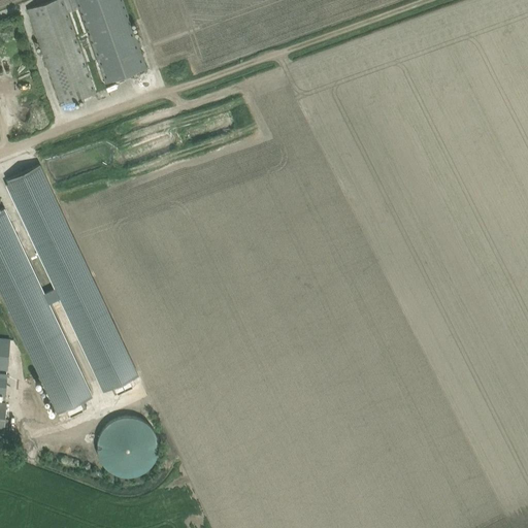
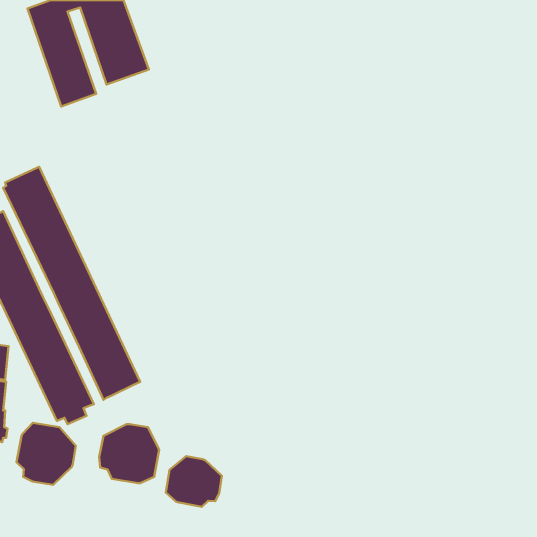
building: none -> [17,423,76,485]
building: none -> [166,456,222,507]

